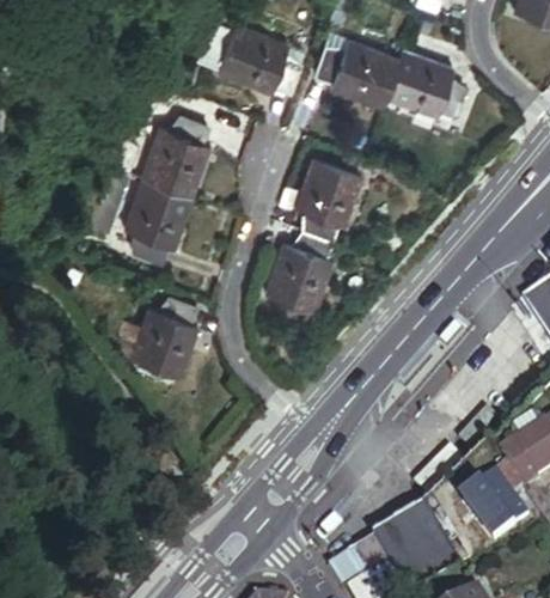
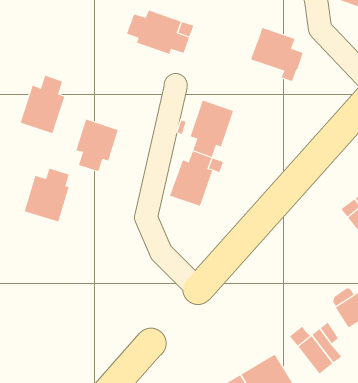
building: [317,39,397,104] -> none
building: [146,110,212,195] -> [20,75,65,134]
building: [133,292,198,371] -> [24,168,69,222]

